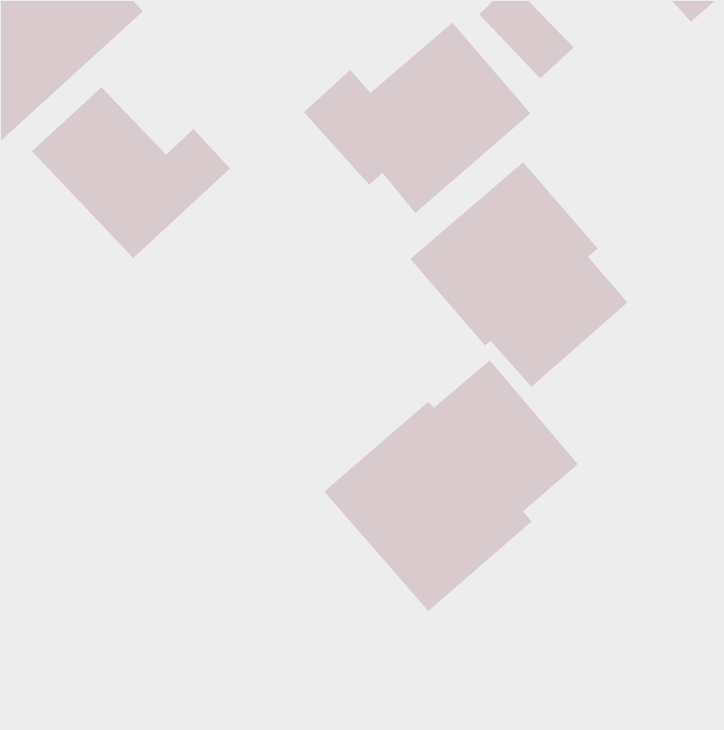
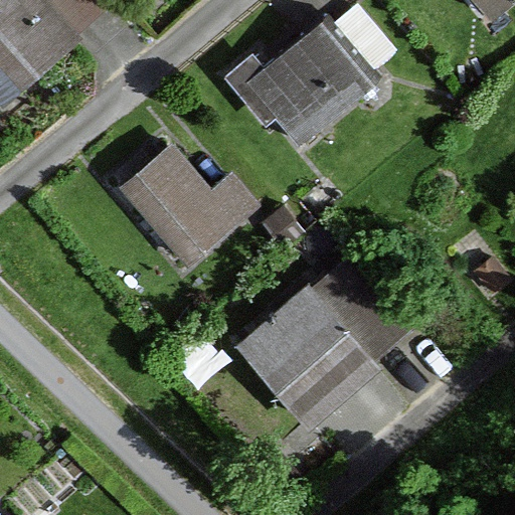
building: [31,86,231,259] -> [118,145,258,266]
building: [409,161,629,388] -> none

